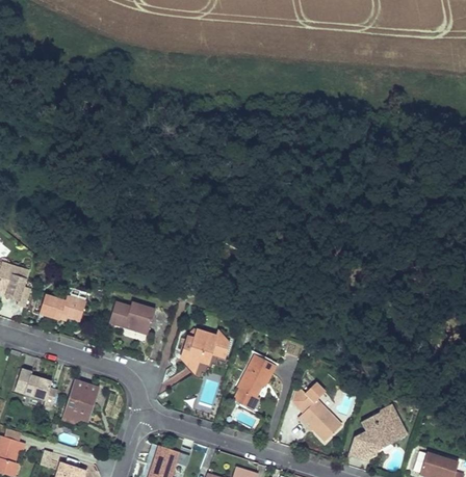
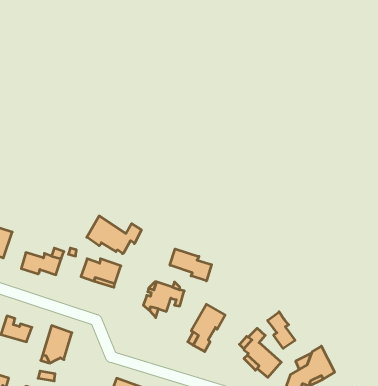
building: none -> [87,216,141,254]
building: none -> [170,249,212,281]
building: none -> [268,312,295,348]

